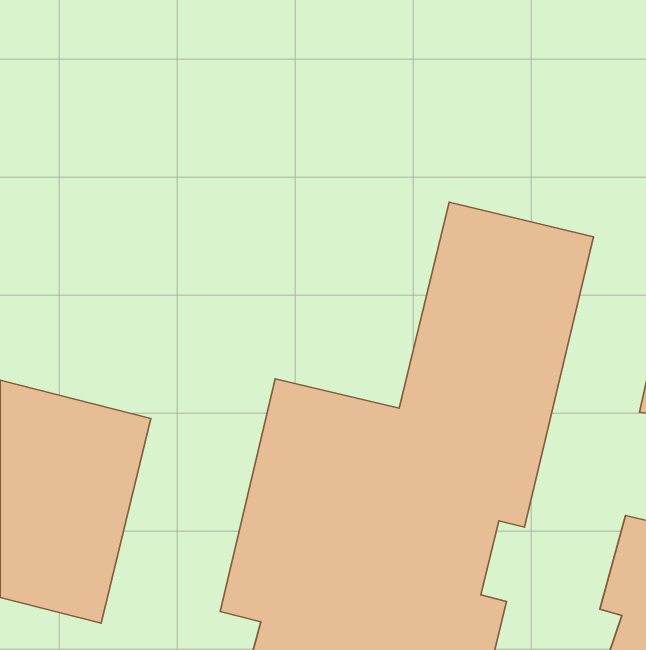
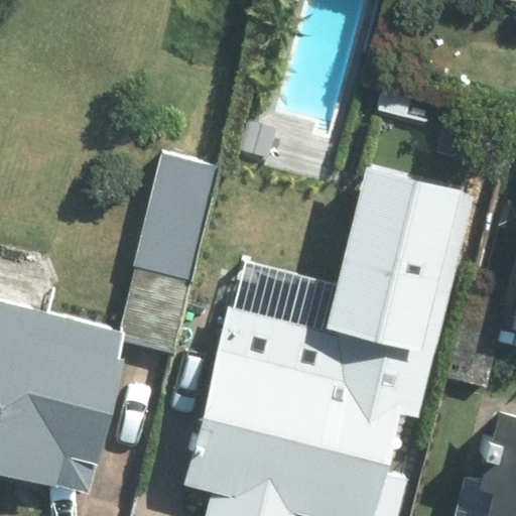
building: none -> [125,204,211,352]

